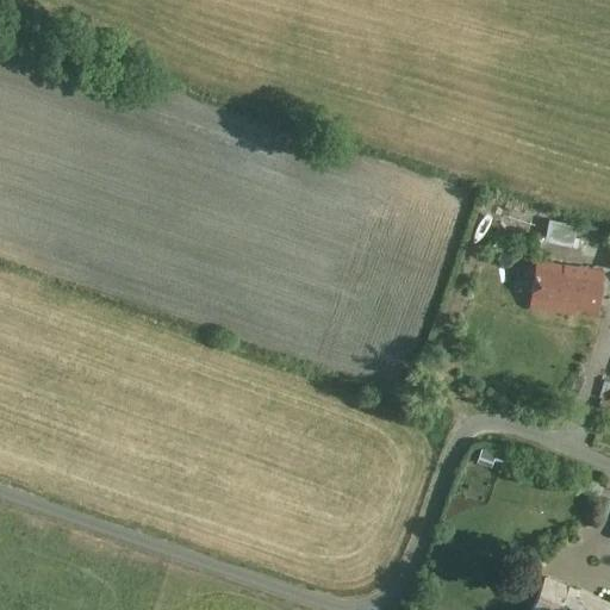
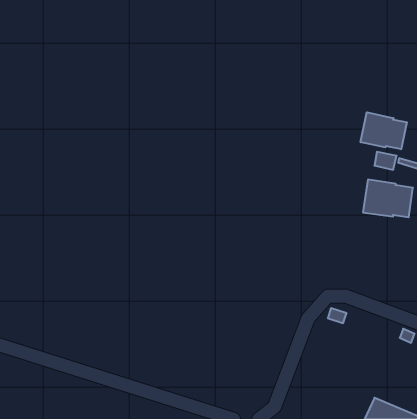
building: none -> [361,112,407,149]

